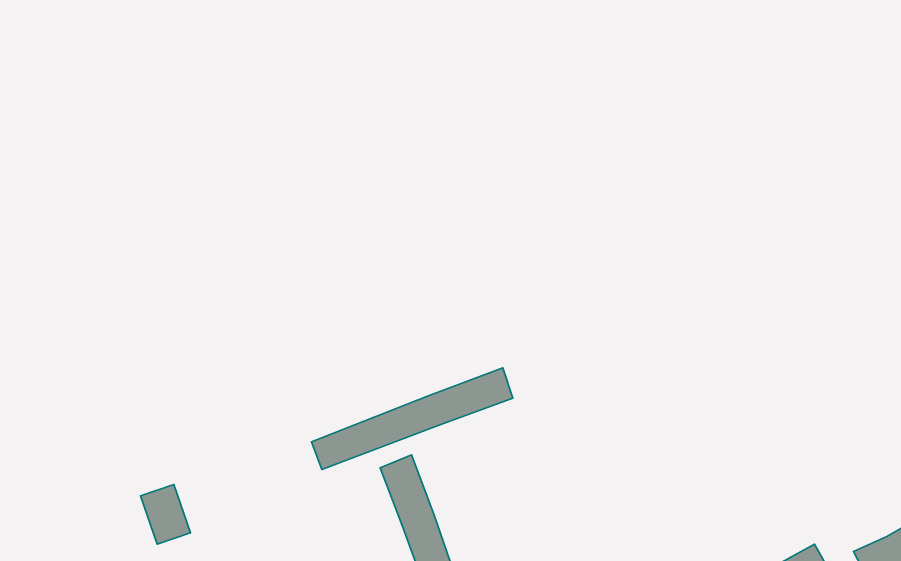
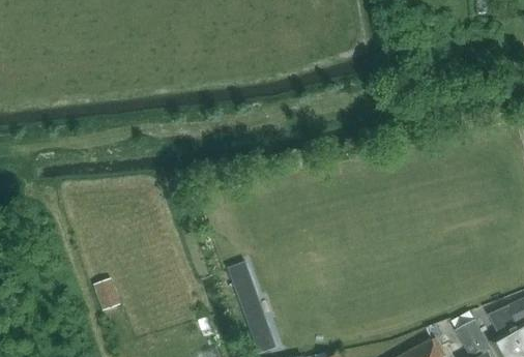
building: [312,368,513,470] -> none

